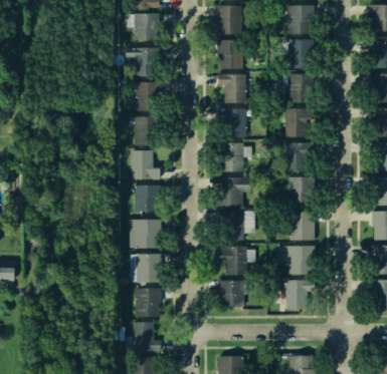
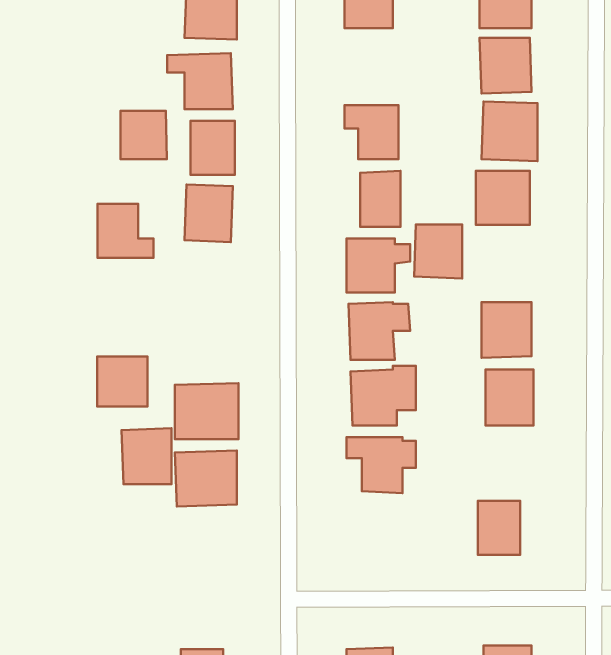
building: [218,39,243,69] -> none
building: none -> [120,111,167,159]
building: [284,143,310,171] -> [414,224,462,279]
building: [132,150,161,178] -> [98,204,154,258]
building: [135,184,161,211] -> [97,356,147,407]
building: [285,251,310,274] -> none
building: [219,280,251,307] -> none
building: [135,288,161,317] -> [121,428,172,484]
building: [126,322,161,350] -> none

